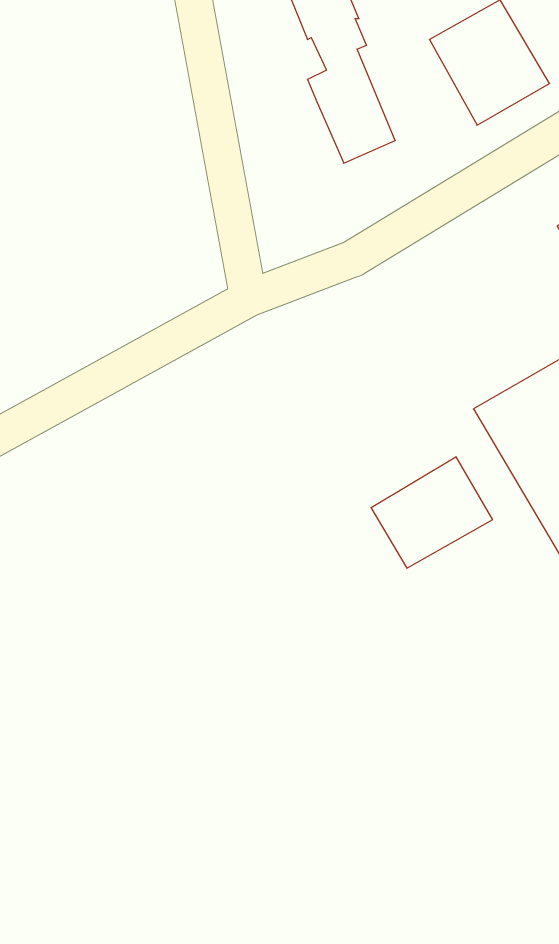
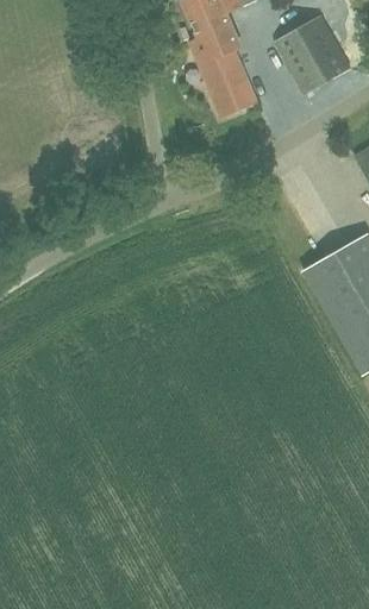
building: [371,457,492,568] -> none

